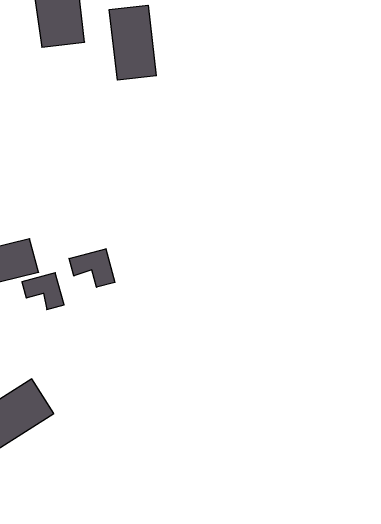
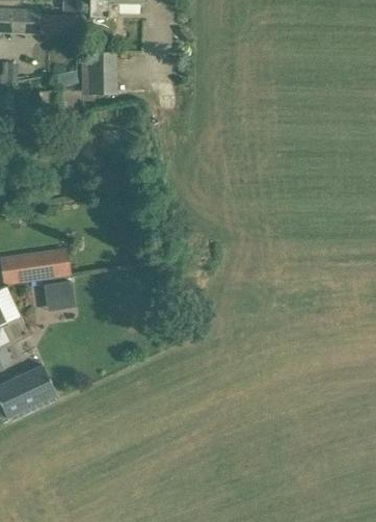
building: [109,5,156,80] -> none
building: [69,249,115,287] -> none

